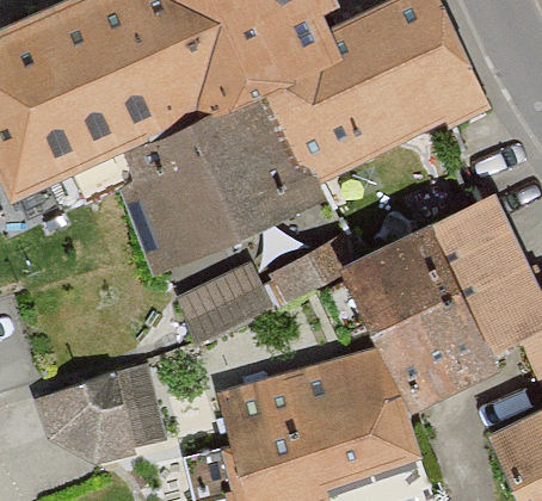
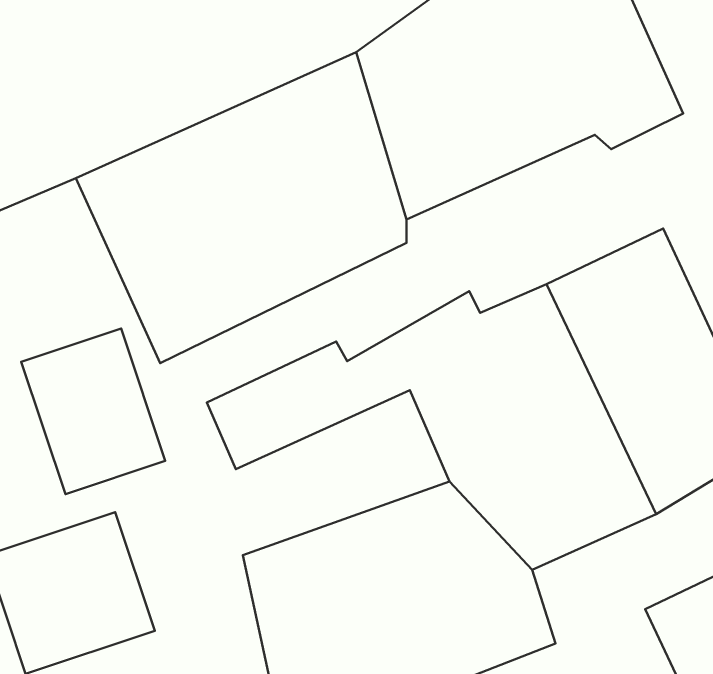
building: none -> [21,328,165,494]

